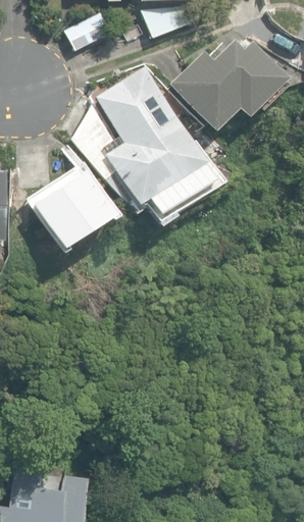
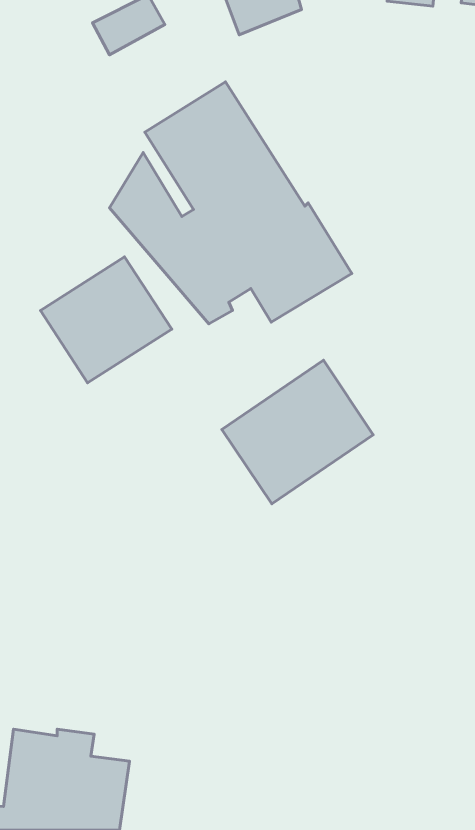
building: [170,40,289,129] -> none
building: none -> [222,360,373,504]

